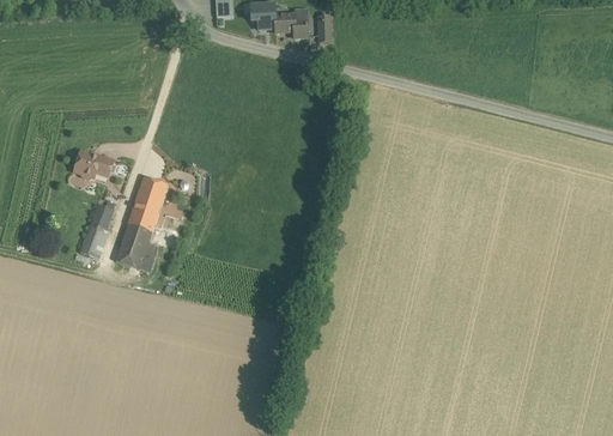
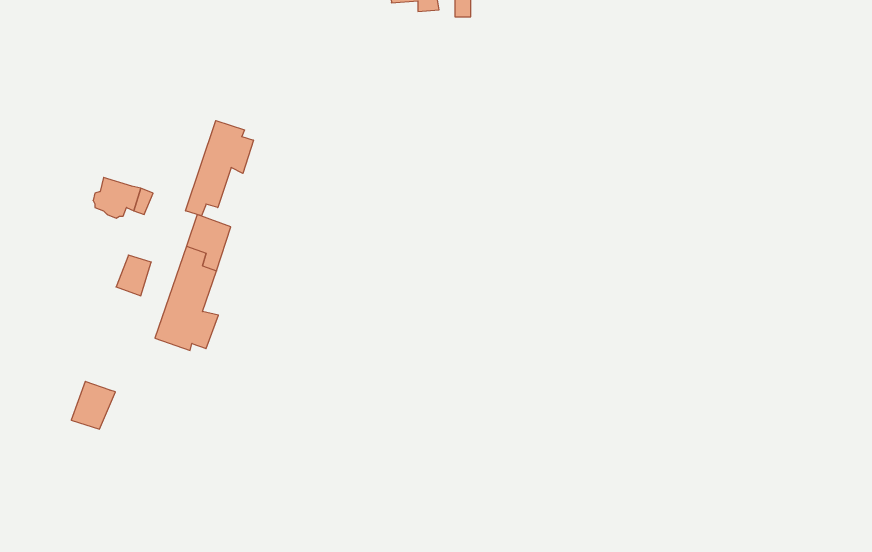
building: none -> [186,121,253,216]
building: [80,225,110,258] -> [71,381,115,429]

